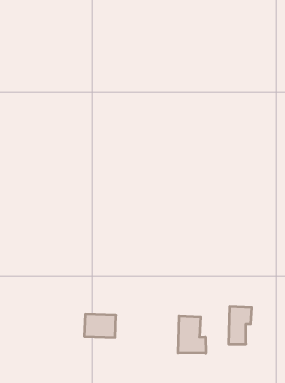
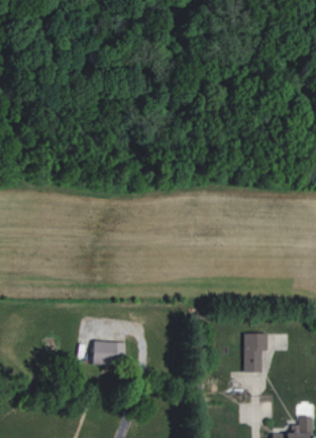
building: [178,316,206,353] -> none

